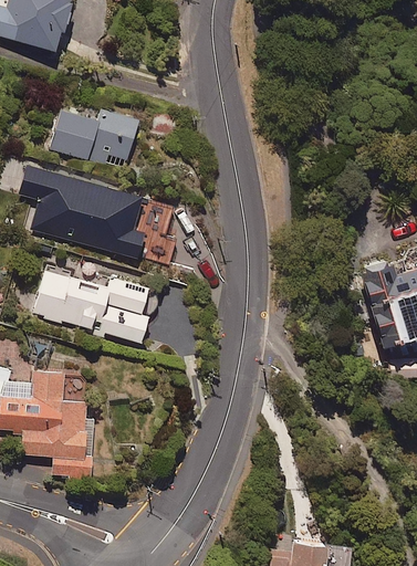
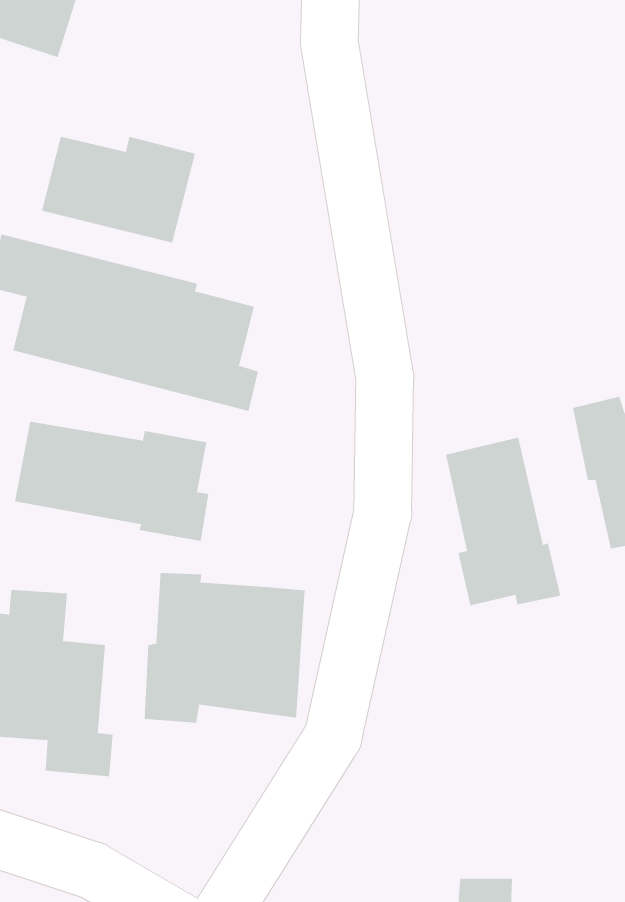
building: none -> [446,437,561,606]
building: none -> [144,572,305,723]

